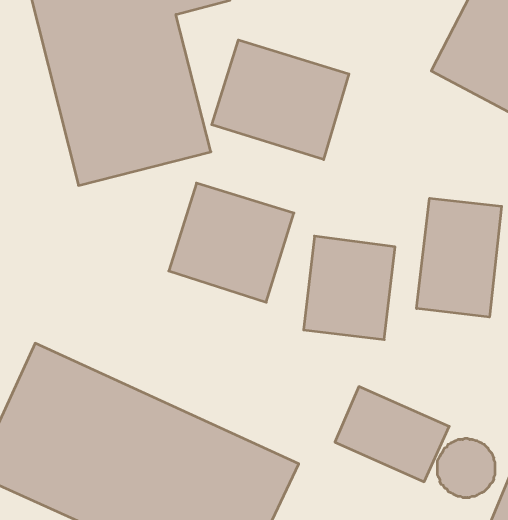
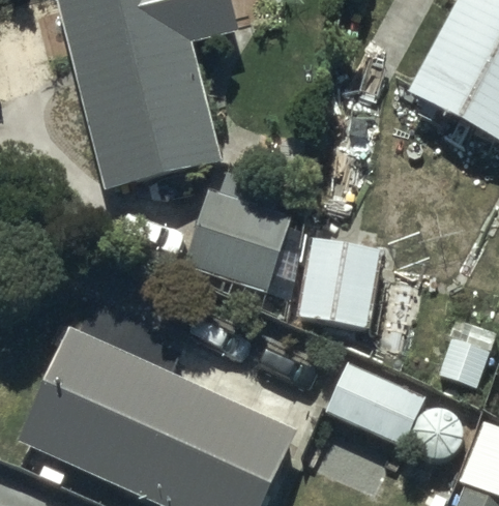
building: [212,40,349,160] -> none
building: [417,198,502,317] -> none

